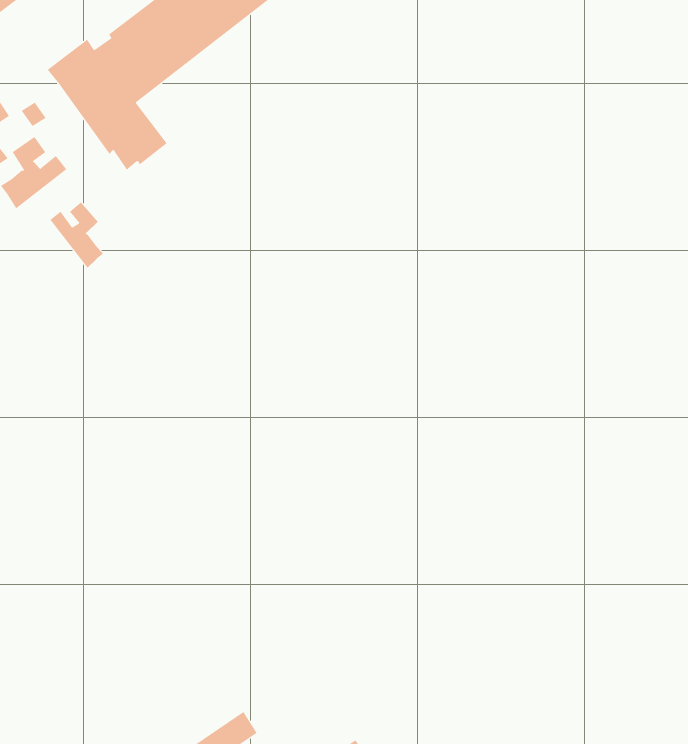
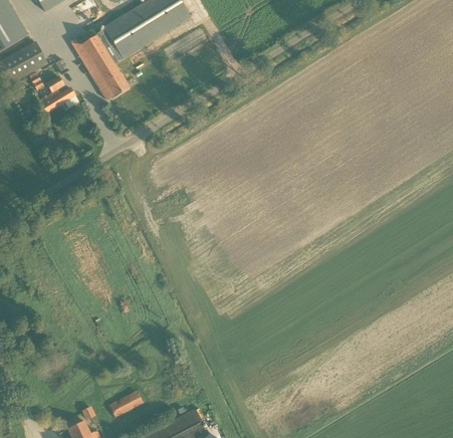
building: [49,201,104,269] -> none

